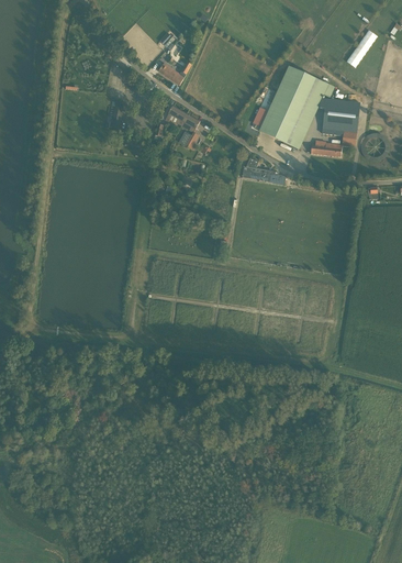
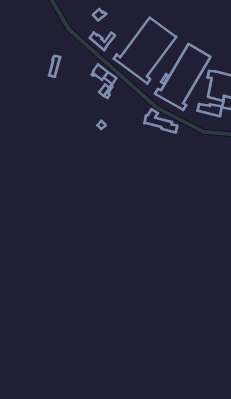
building: none -> [114,18,176,84]

